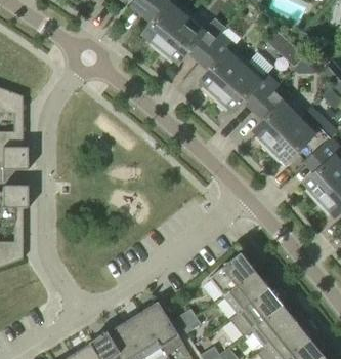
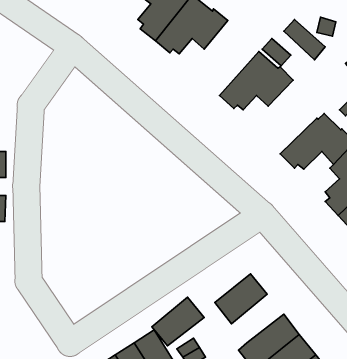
building: [199,35,247,99] -> none
building: [253,86,303,150] -> none
building: [223,271,268,313] -> [152,297,204,346]

